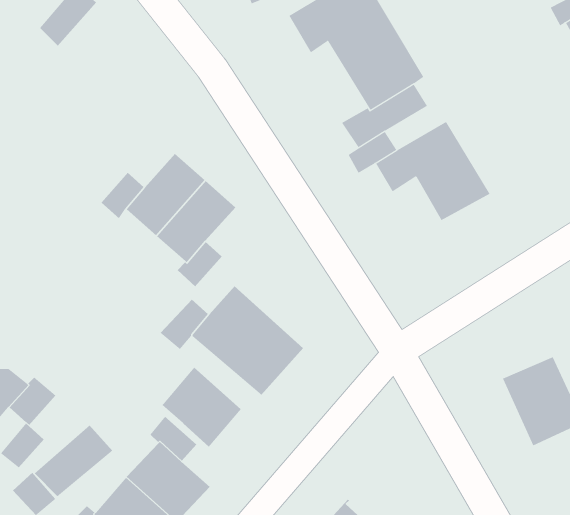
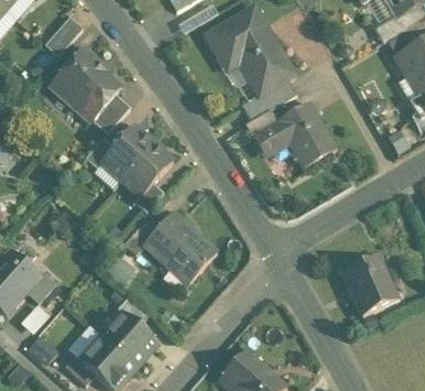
building: none -> [57,48,130,133]
building: [162,367,241,447] -> none
building: [34,425,113,497] -> none

